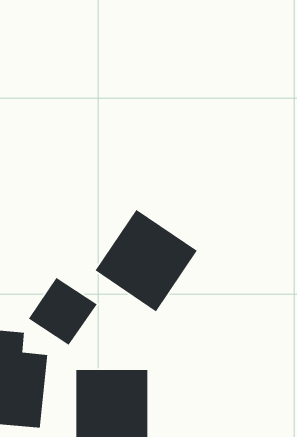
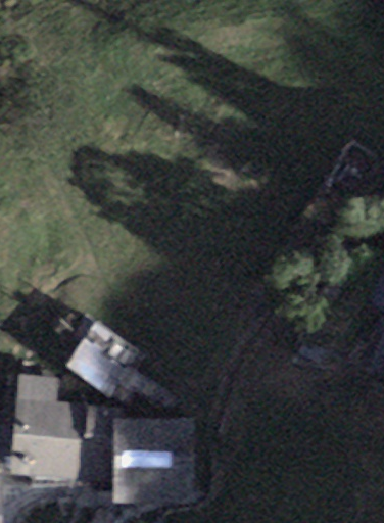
building: [95,209,198,312] -> none

